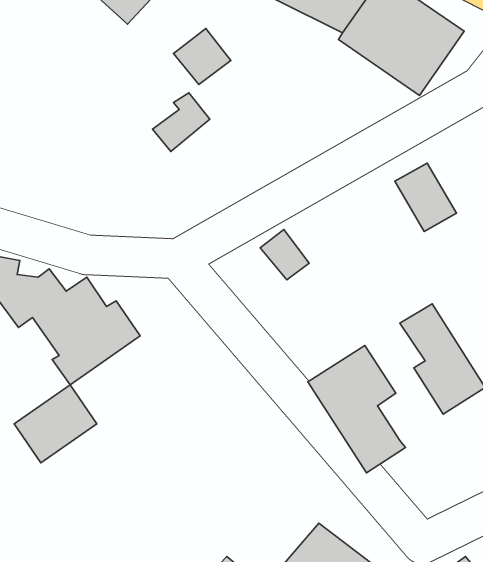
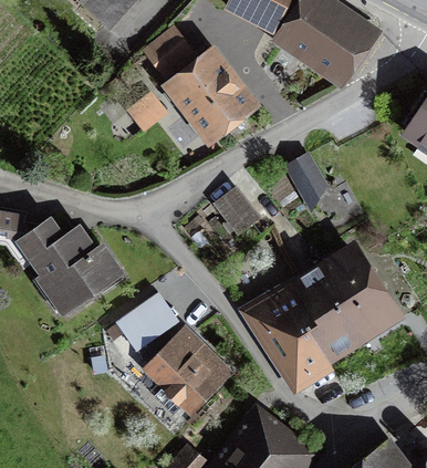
building: none -> [174,54,249,138]
building: [395,163,456,231] -> [287,148,335,202]
building: none -> [299,263,361,356]
building: [14,385,97,463] -> [116,290,181,352]
building: none -> [152,330,228,415]

